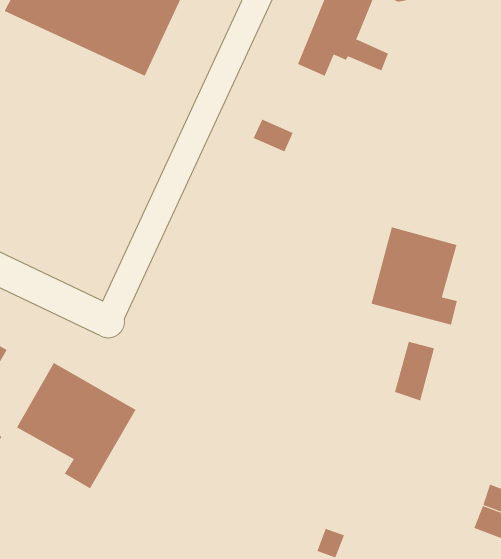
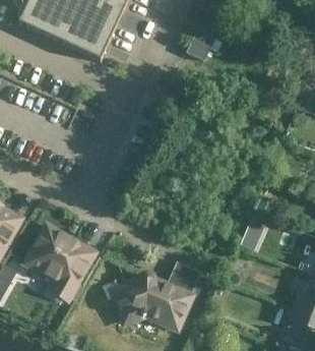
building: [371,227,457,325] -> none
building: none -> [119,259,201,327]

